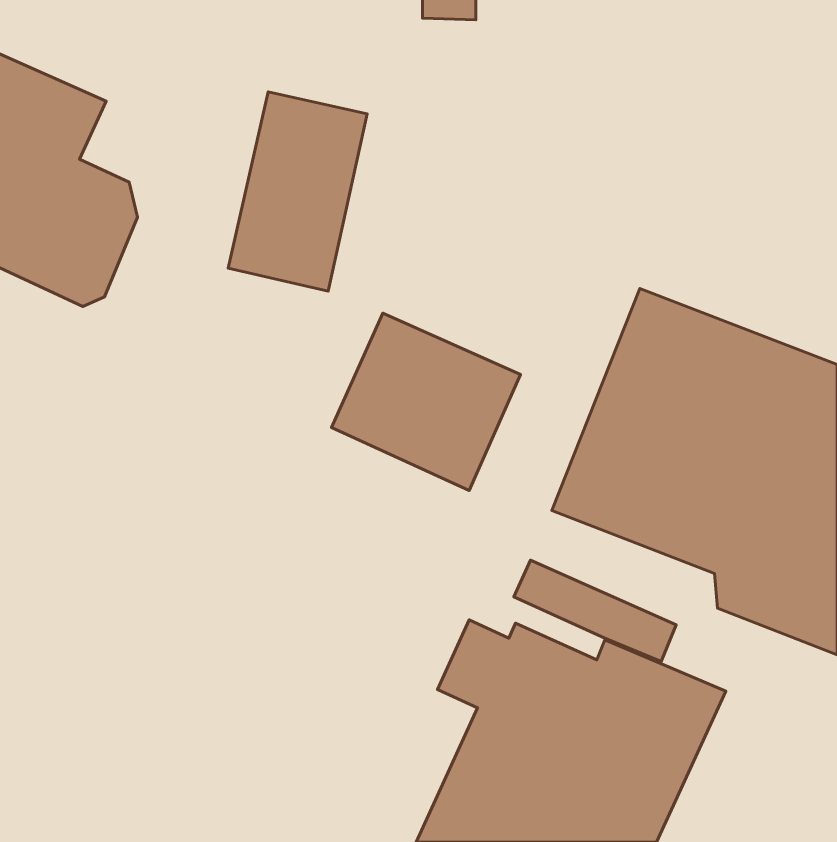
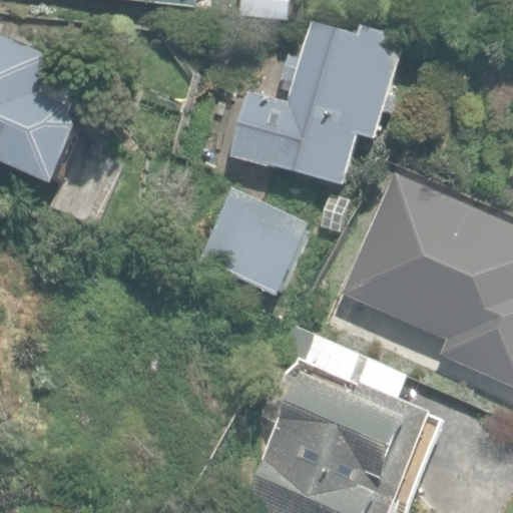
building: none -> [232,24,405,182]
building: [228,92,367,291] -> none

